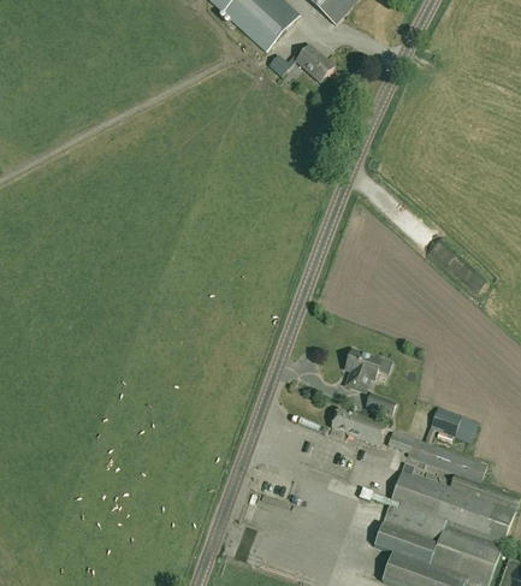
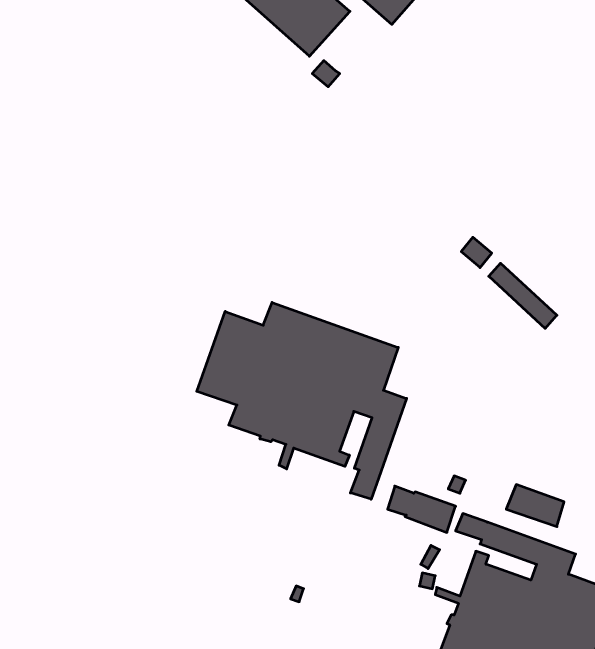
building: [296,46,332,82] -> none
building: none -> [197,302,407,499]
building: [344,349,378,391] -> none

